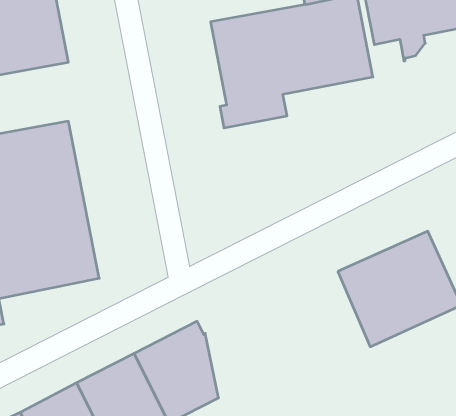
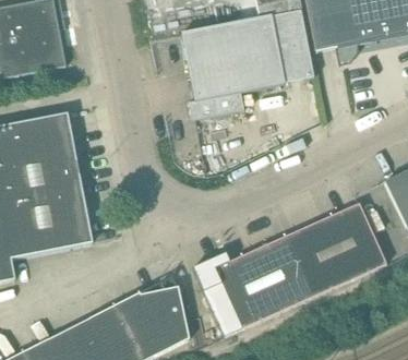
building: none -> [191,236,311,336]

